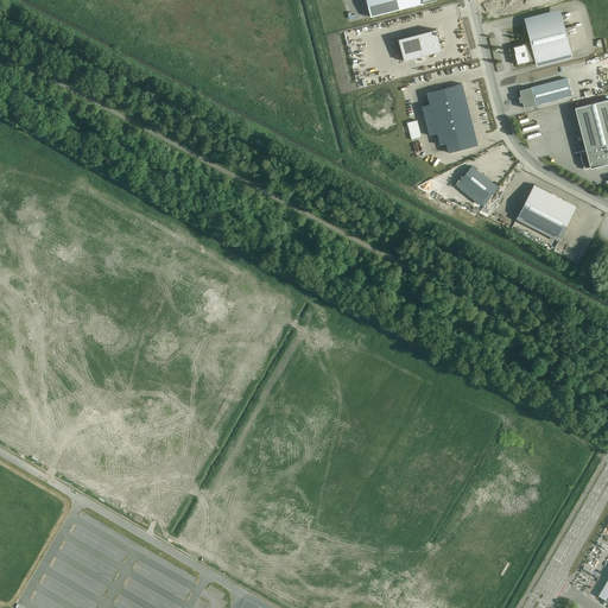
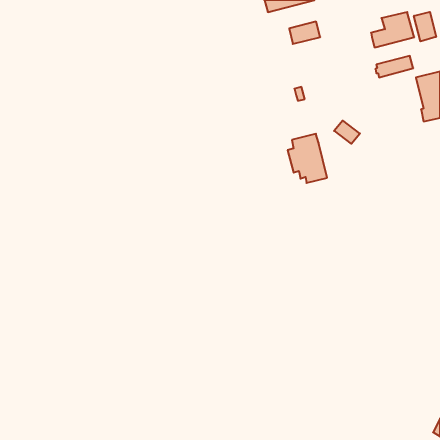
building: none -> [414,12,436,41]
building: [422,84,476,152] -> [288,134,327,183]
building: [519,185,576,235] -> none

